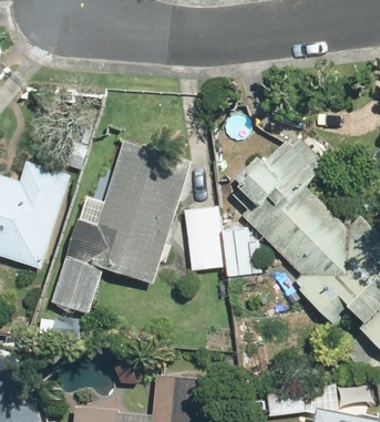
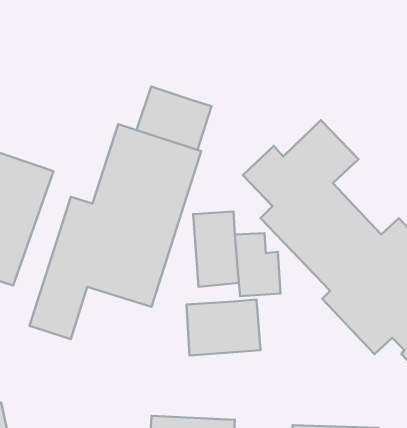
building: none -> [136,87,211,150]
building: none -> [187,299,261,355]

